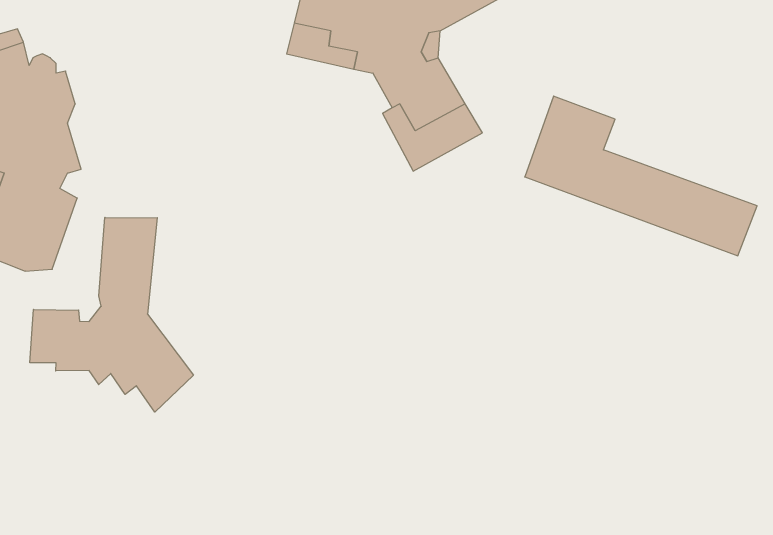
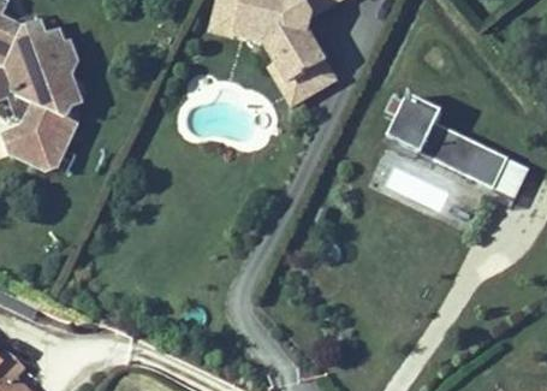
building: [30,217,193,412] -> none

